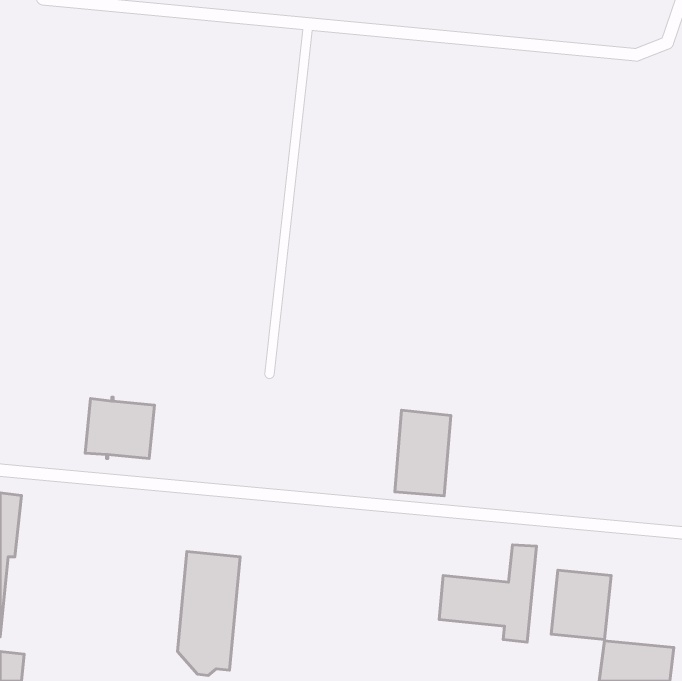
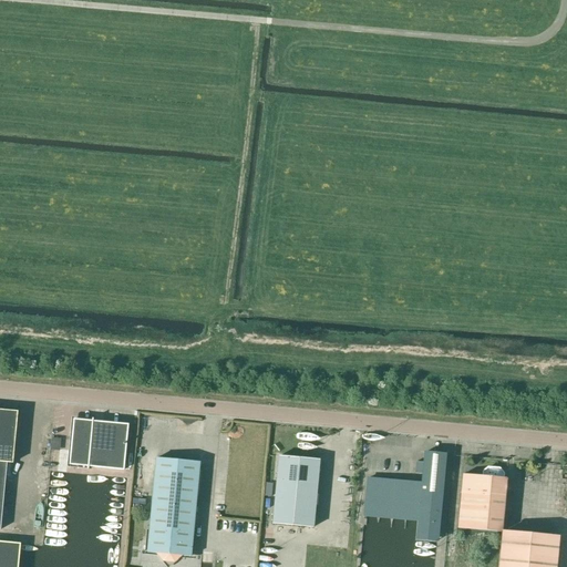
building: [85,397,154,459] -> [70,417,127,468]
building: [395,410,451,496] -> [272,455,319,526]

